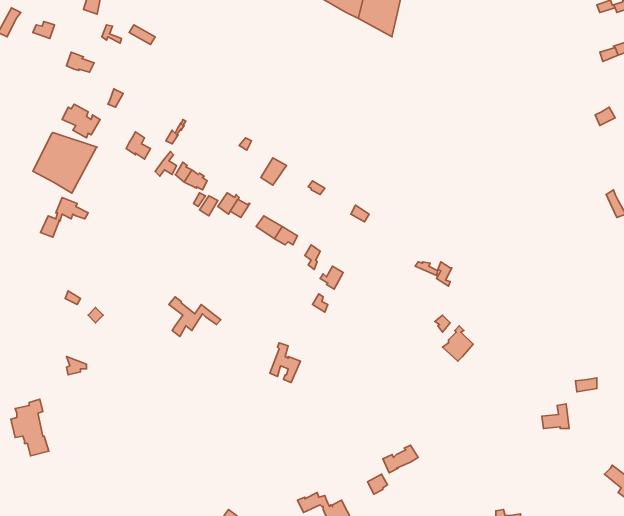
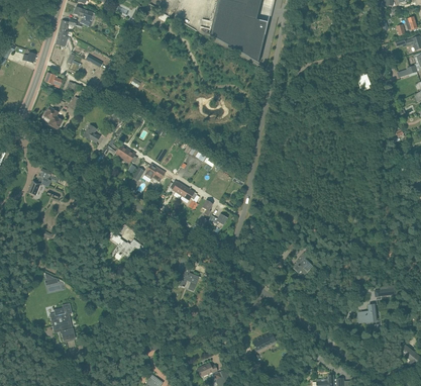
building: [33,133,97,193] -> none
building: [11,399,49,456] -> [50,303,76,341]

